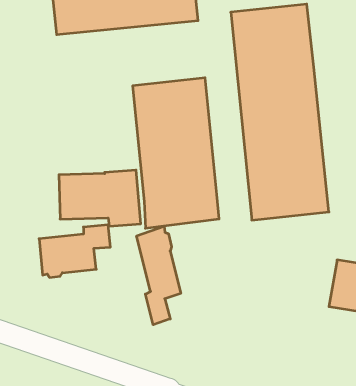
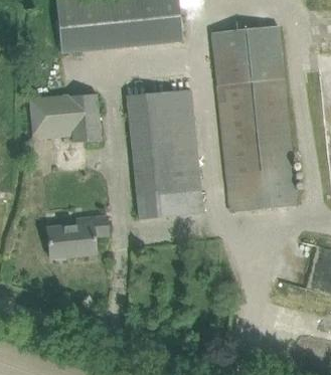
building: [59,170,141,226] -> [29,93,100,142]
building: [137,226,181,325] -> none

